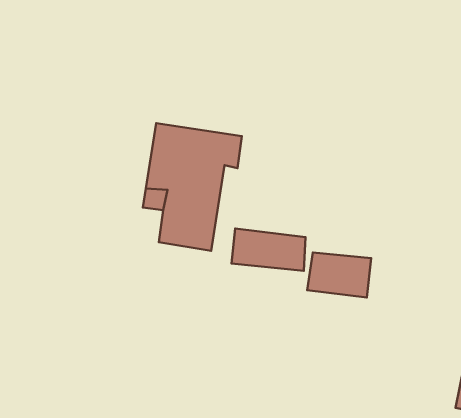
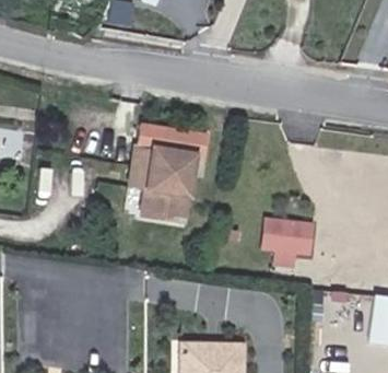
building: [231,229,306,271] -> none

